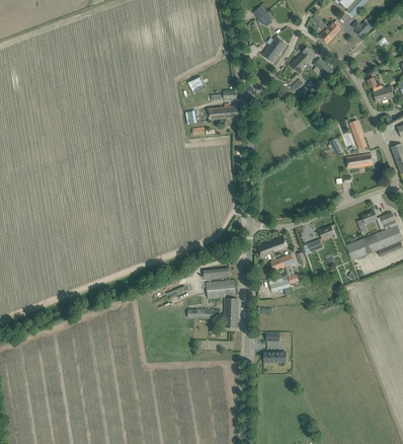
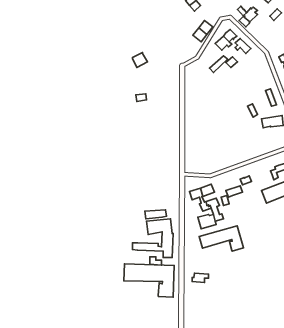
building: [205,102,239,119] -> none
building: none -> [199,226,244,251]
building: none -> [124,264,174,297]

